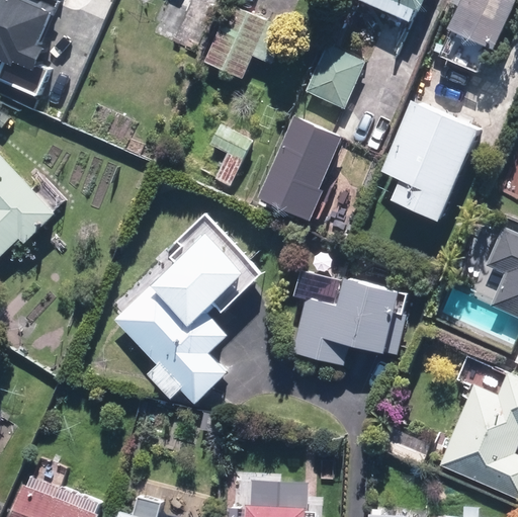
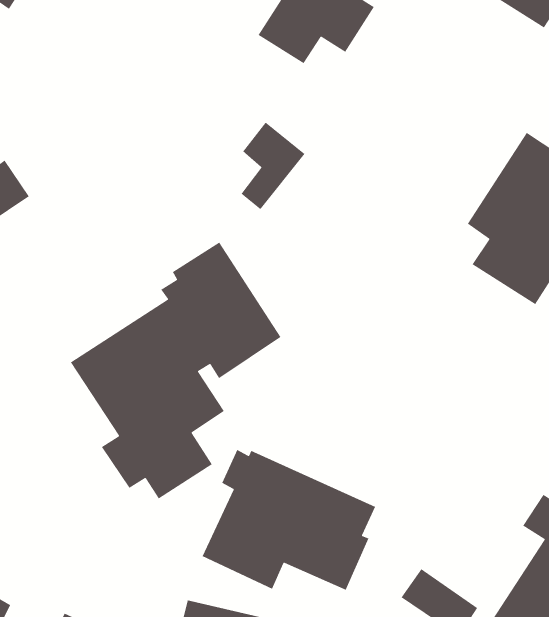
building: [305,41,367,110] -> none
building: [258,116,346,222] -> none
building: [290,269,409,366] -> [201,449,376,591]

